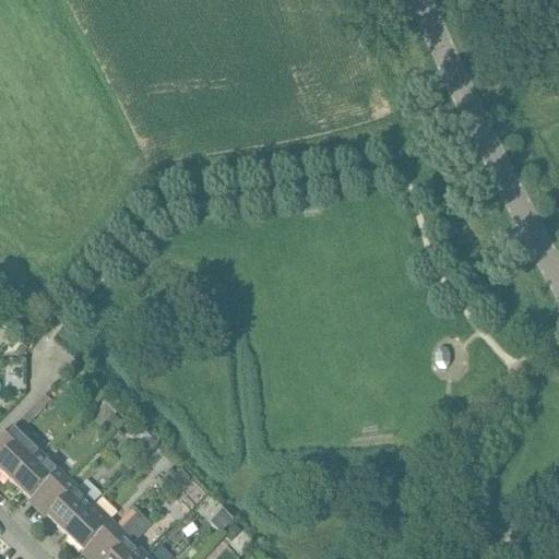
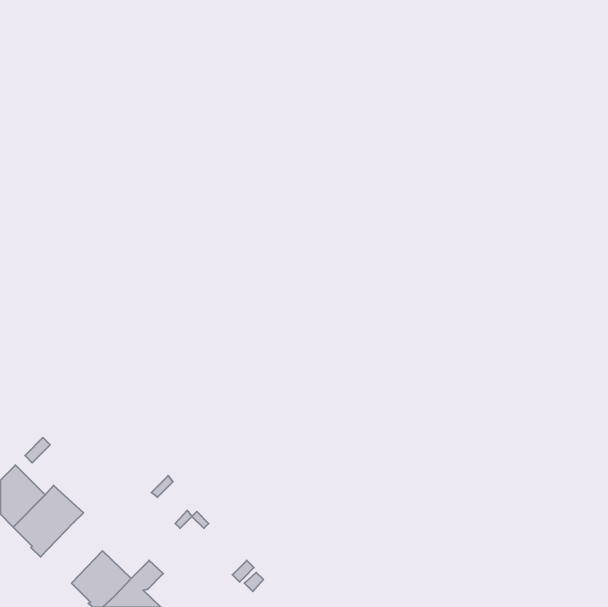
building: [38,478,95,534] -> none

